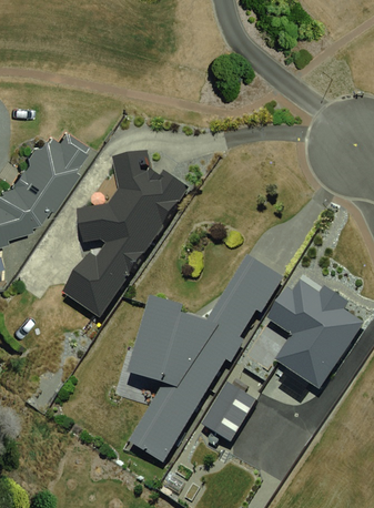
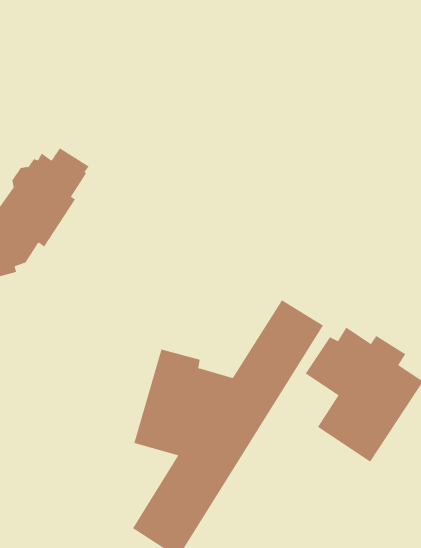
building: [62,149,186,316] -> none
building: [200,382,255,441] -> none

